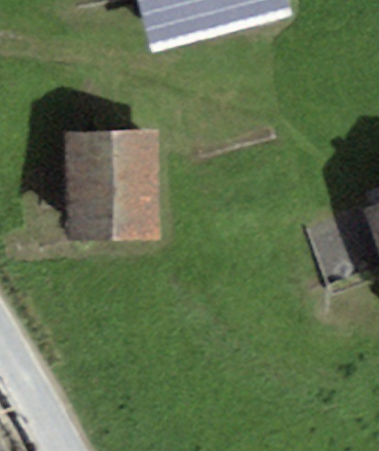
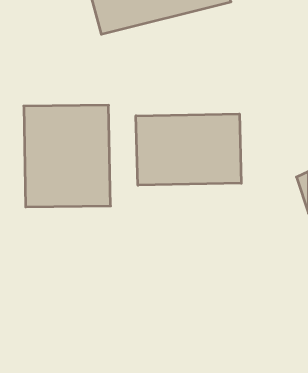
building: none -> [136,114,241,185]

